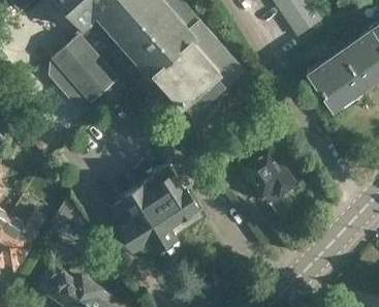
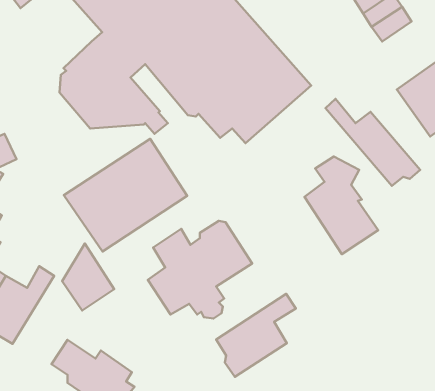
building: none -> [325,99,420,186]
building: none -> [64,139,187,252]
building: none -> [216,294,296,377]

